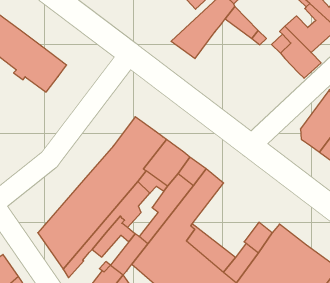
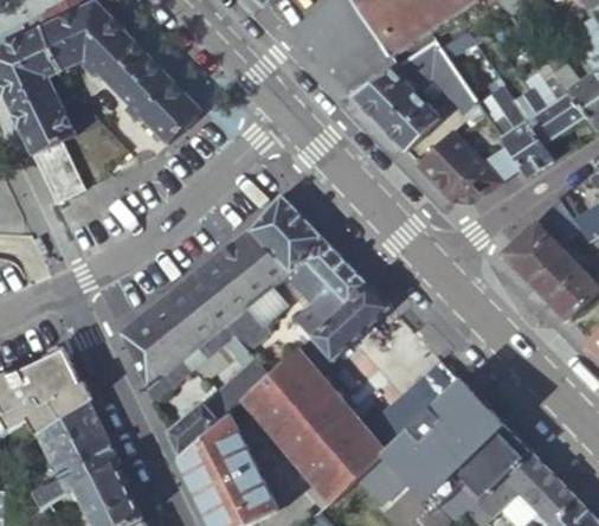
building: none -> [379,94,438,152]
building: none -> [417,132,520,203]

